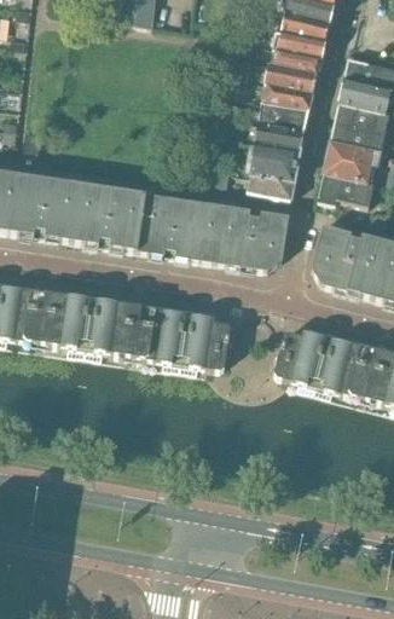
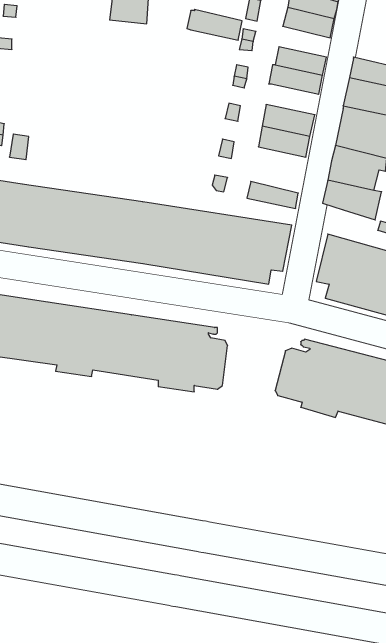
building: [272,28,324,57] -> [187,9,242,40]
building: [263,82,313,111] -> none
building: [249,141,301,185] -> none

